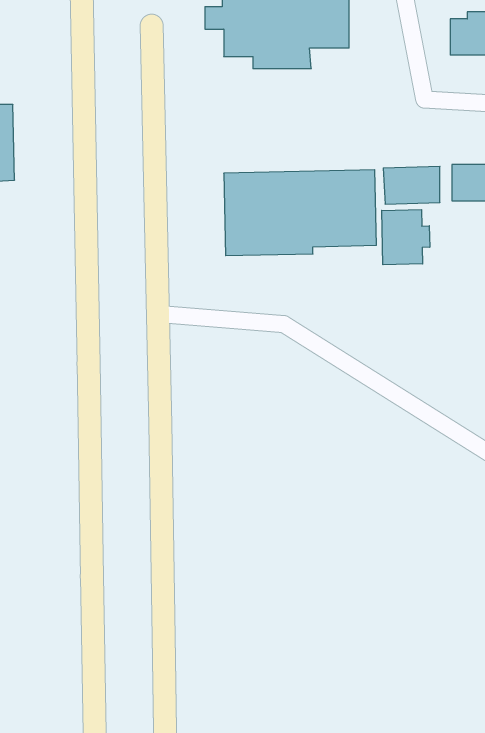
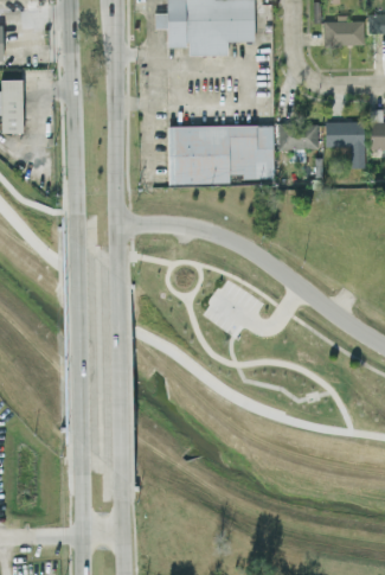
building: [382,210,430,265] -> none

